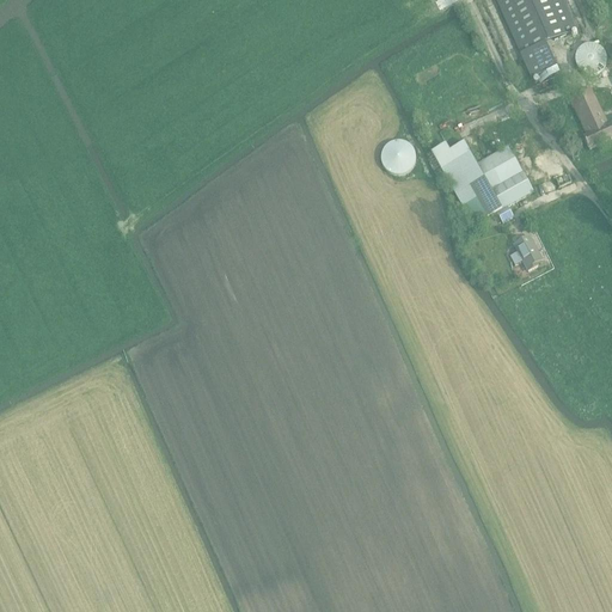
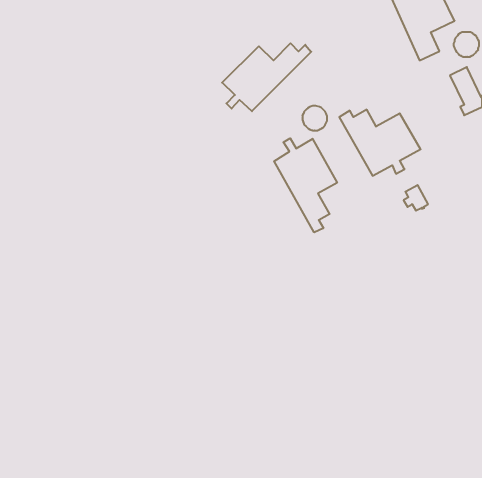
building: none -> [222,43,311,111]
building: none -> [274,138,337,232]

